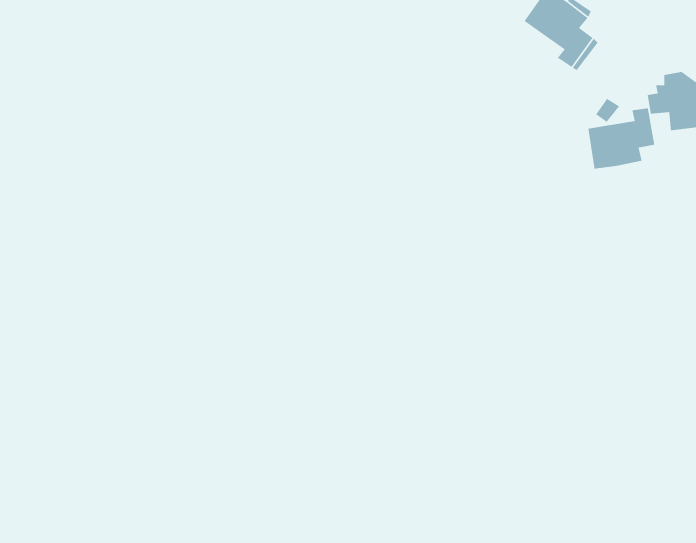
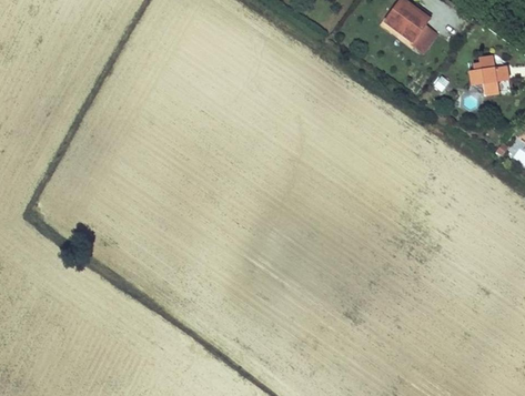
building: [587,108,655,170] -> none

